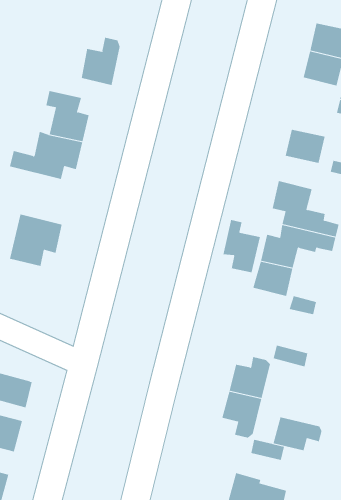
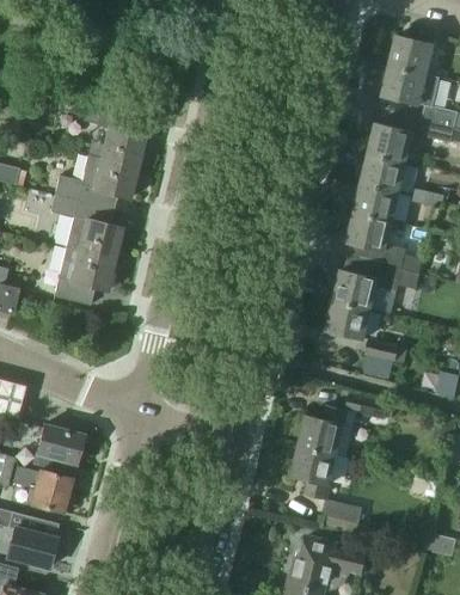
building: [81,37,120,86] -> none
building: none -> [369,123,415,161]
building: none -> [355,183,400,220]
building: none -> [51,195,123,259]
building: [223,219,261,273] -> none
building: [273,416,322,451] -> none

